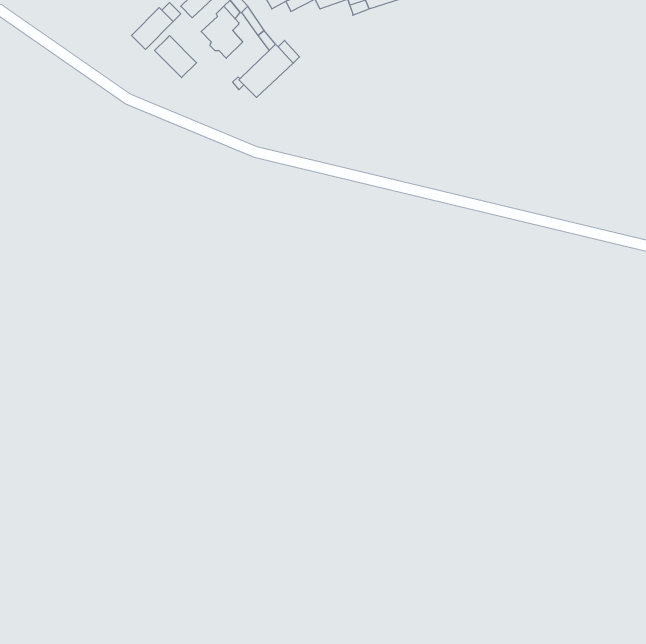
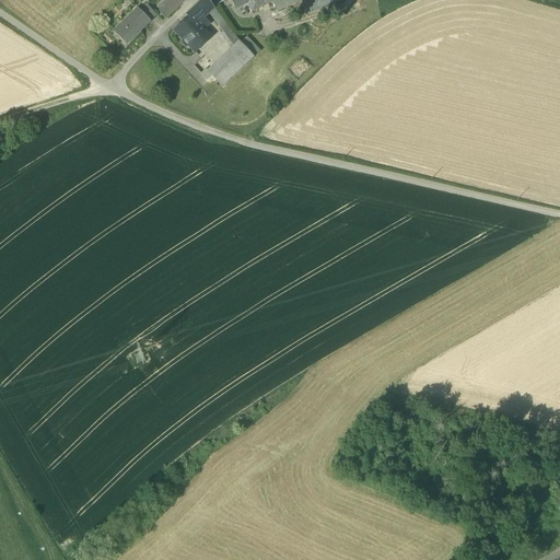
building: [155,36,197,78] -> none

